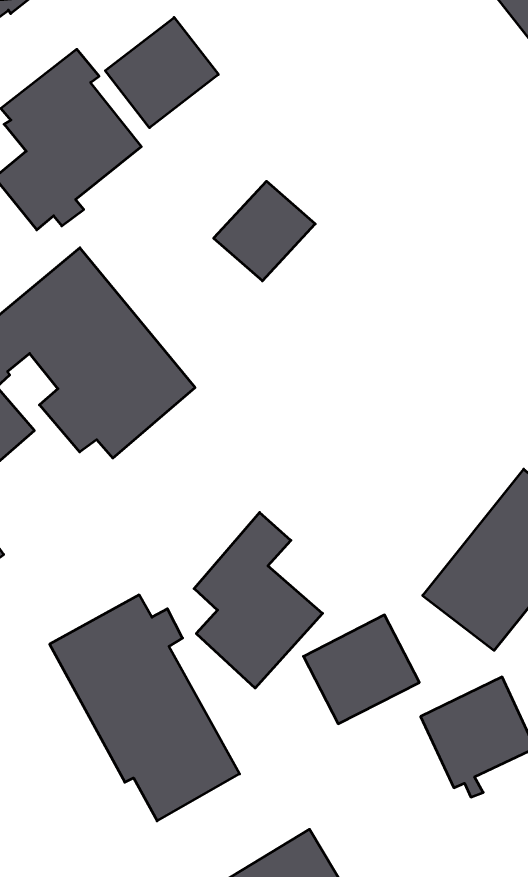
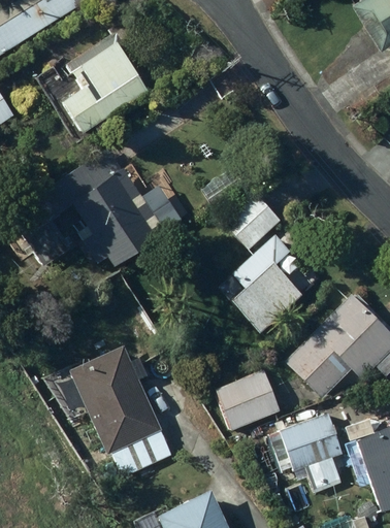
building: [105,17,218,128] -> none
building: [214,181,315,281] -> [222,193,281,250]
building: [194,512,323,688] -> [230,233,303,333]

